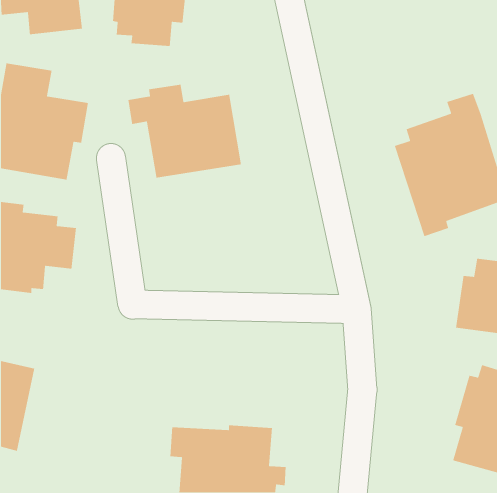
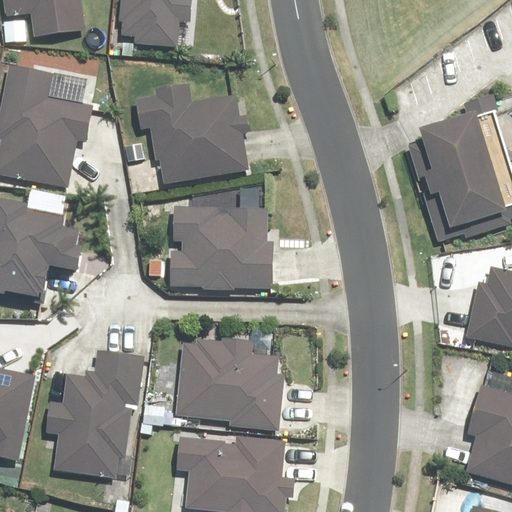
building: none -> [169,208,275,292]
building: none -> [159,338,283,430]
building: none -> [45,351,142,477]

